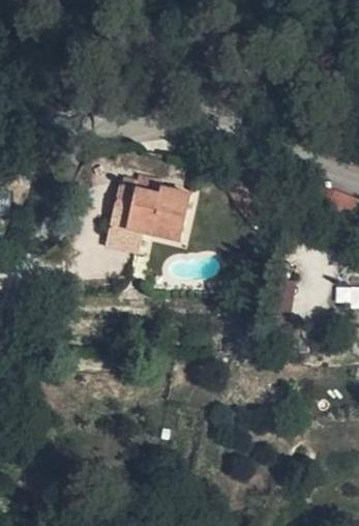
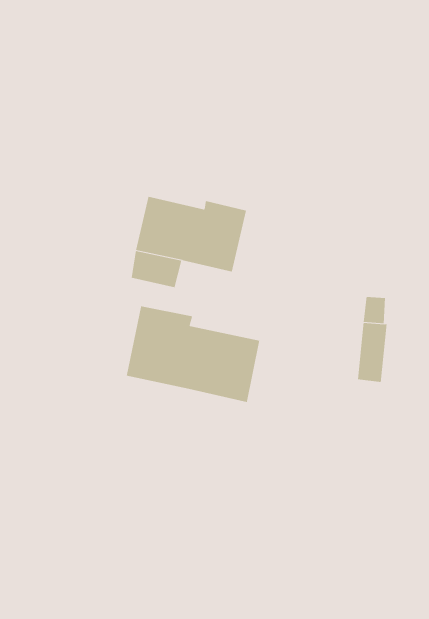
building: none -> [126,305,260,403]

